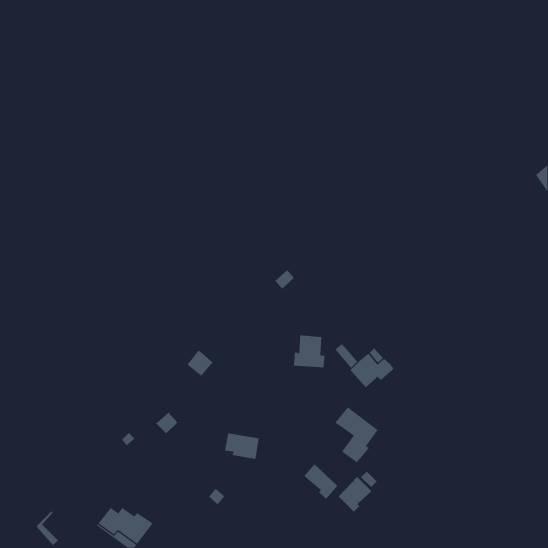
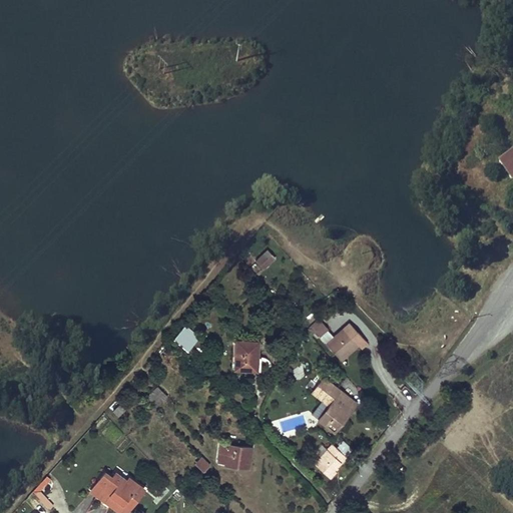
building: [293,335,325,368] -> [231,342,262,373]
building: [224,433,260,459] -> [218,446,251,471]
building: [303,463,338,500] -> none

